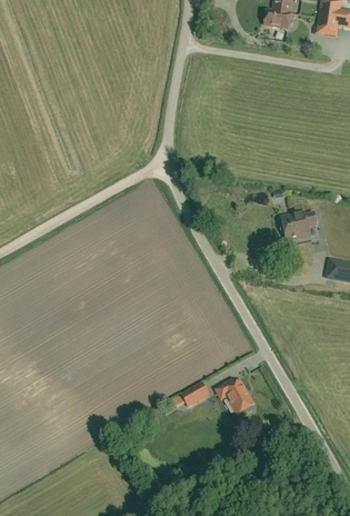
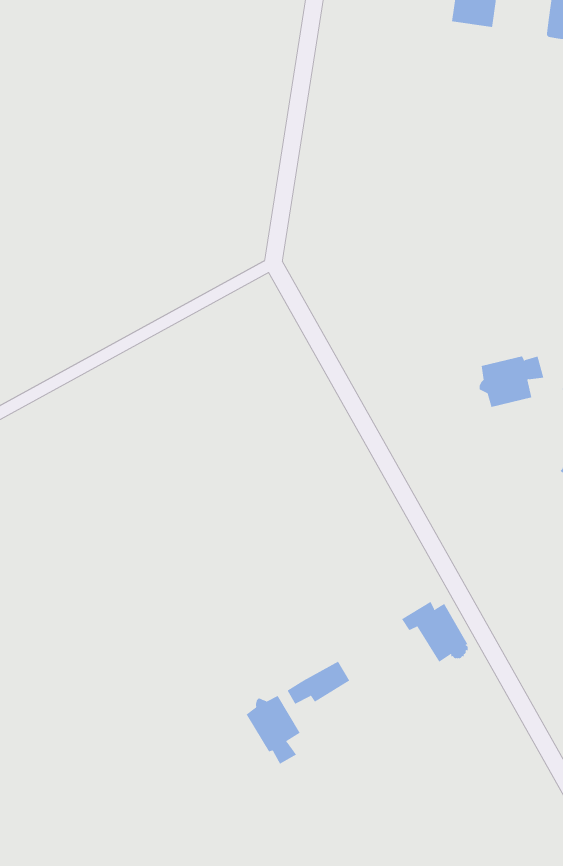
building: [216,380,253,415] -> [401,601,468,663]
building: none -> [246,695,301,764]

